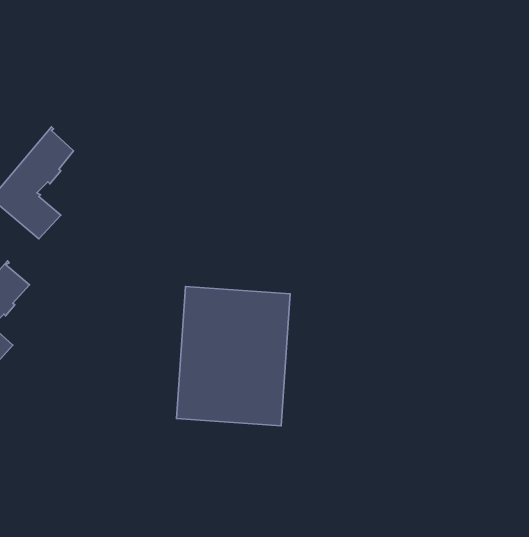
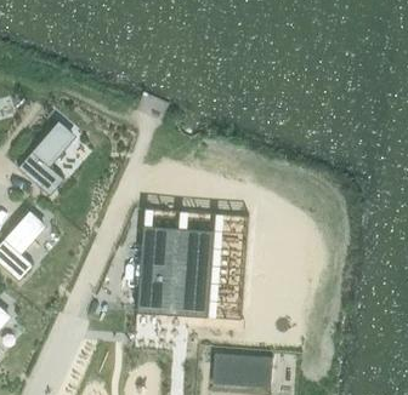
building: none -> [212,354,273,387]

